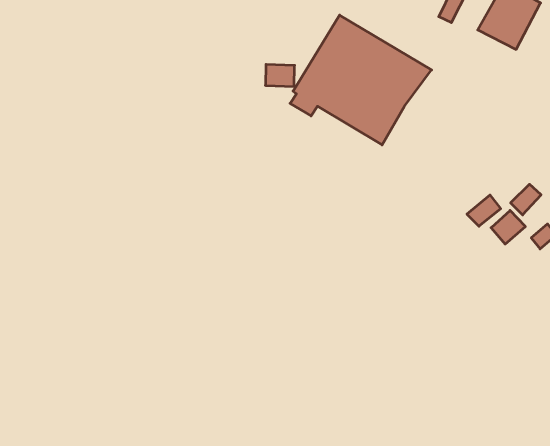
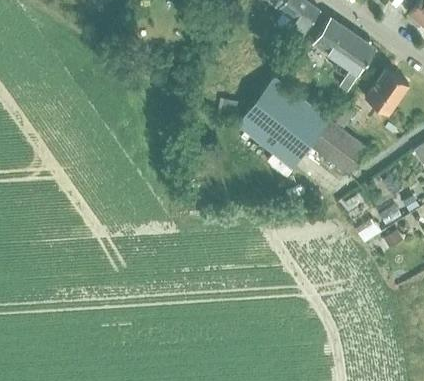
building: none -> [292,107,368,174]

